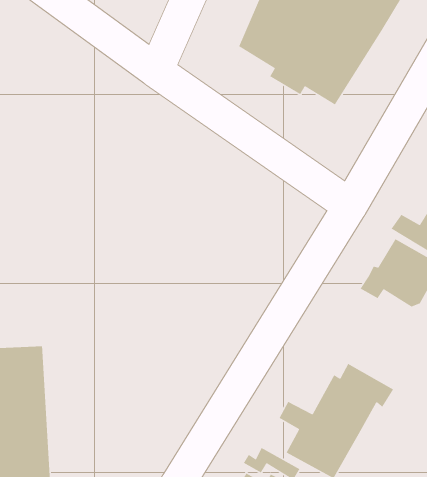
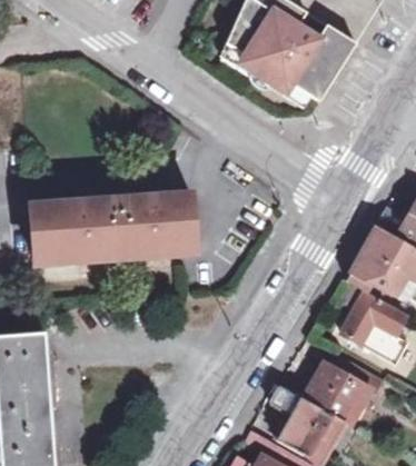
building: none -> [27,192,194,255]
building: none -> [340,294,406,361]

